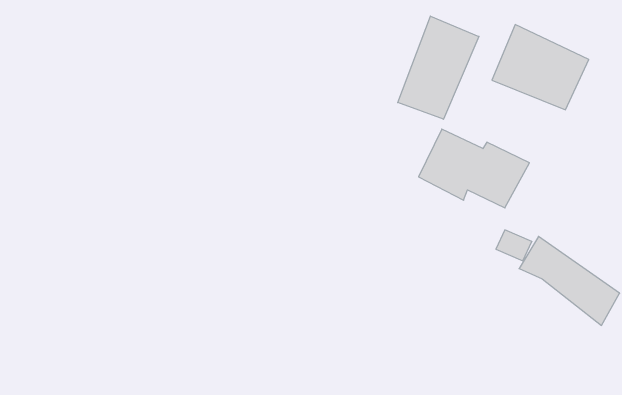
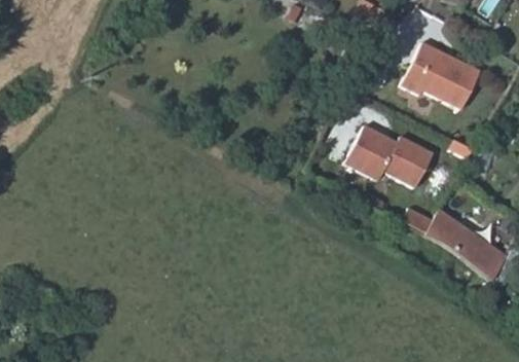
building: [398,16,479,119] -> none

